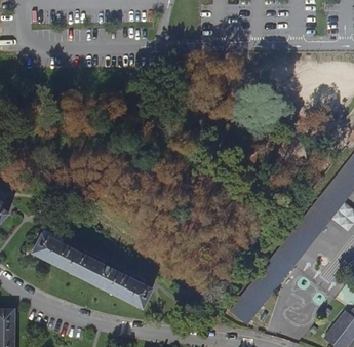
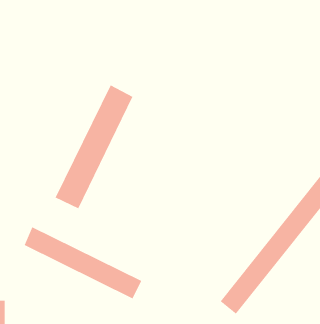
building: none -> [55,85,133,209]

